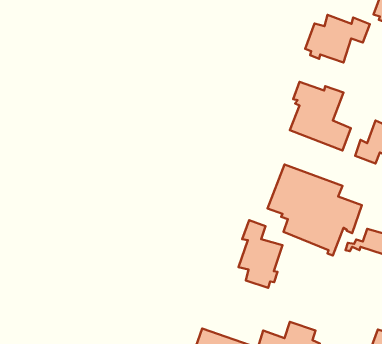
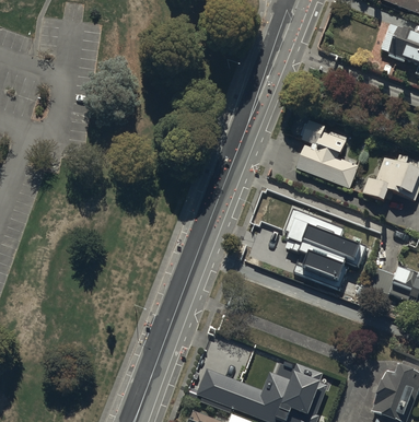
building: [305,15,370,63] -> none
building: [239,220,282,288] -> none

